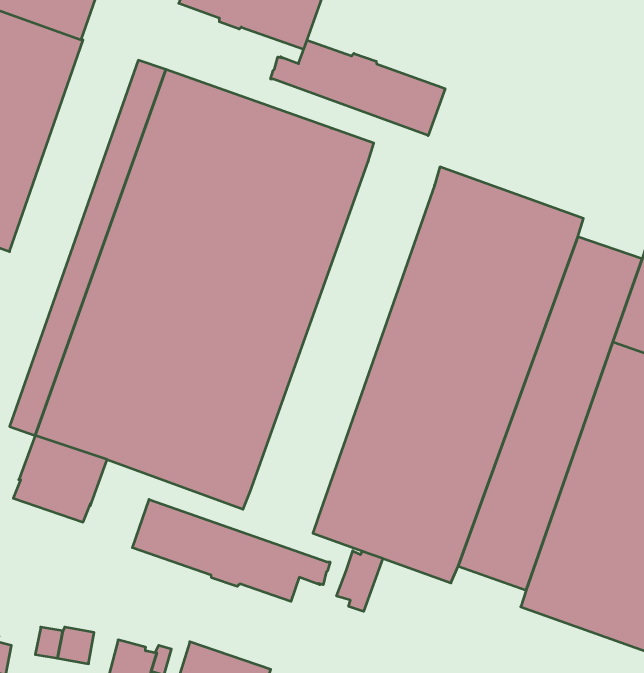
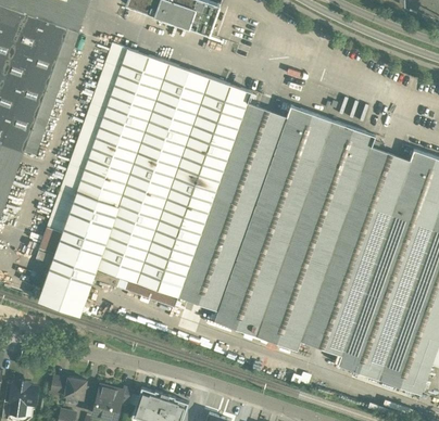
building: [271,40,445,136] -> none
building: none -> [178,103,287,312]
building: [132,499,330,601] -> none
building: [337,551,383,611] -> none

